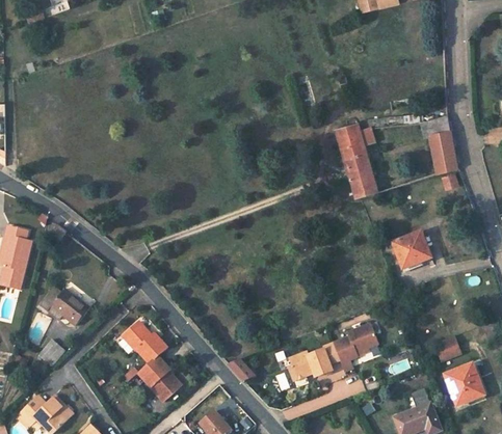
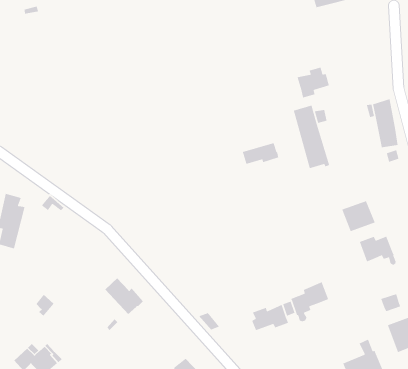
building: none -> [297,67,330,98]
building: none -> [242,142,279,165]
building: none -> [359,235,397,266]
building: [41,288,88,326] -> none
building: [137,354,179,401] -> none

